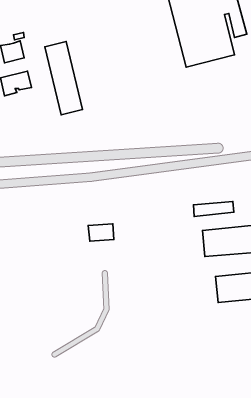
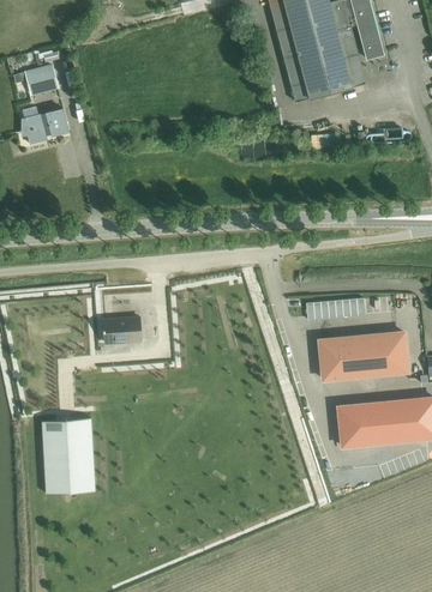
building: [45,41,82,115] -> none
building: [88,224,114,241] -> [103,318,140,343]
building: none -> [42,418,95,495]

